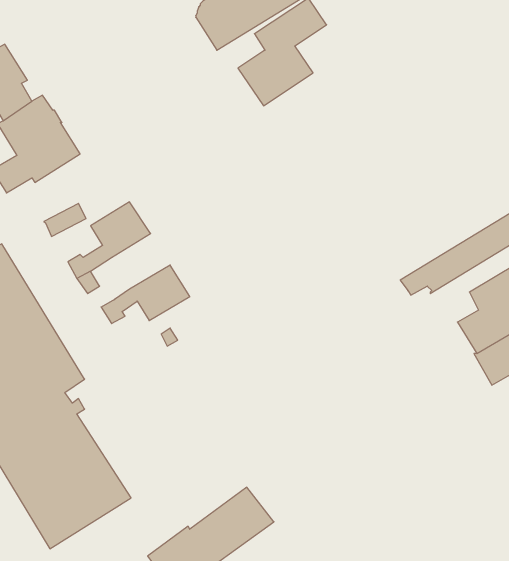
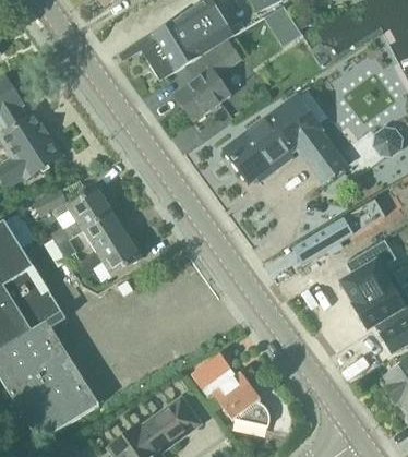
building: none -> [226,96,346,182]
building: none -> [84,213,127,253]
building: none -> [193,352,274,424]

